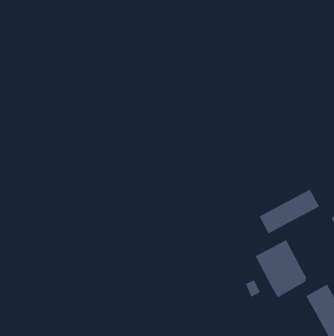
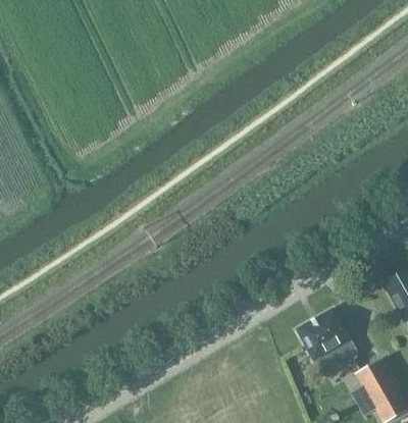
building: [259,189,320,235] -> none

